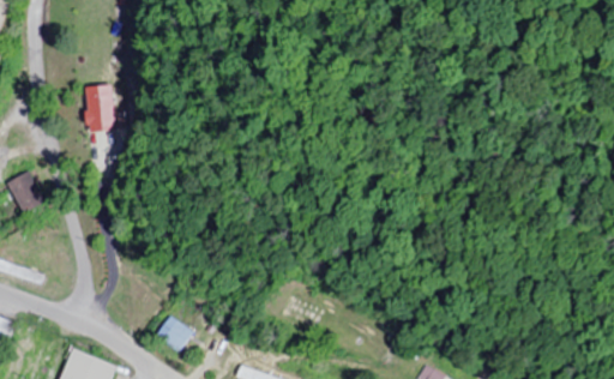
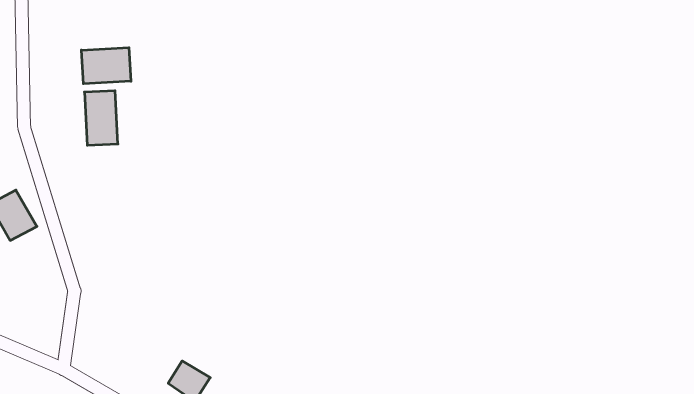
building: none -> [81,48,131,84]

